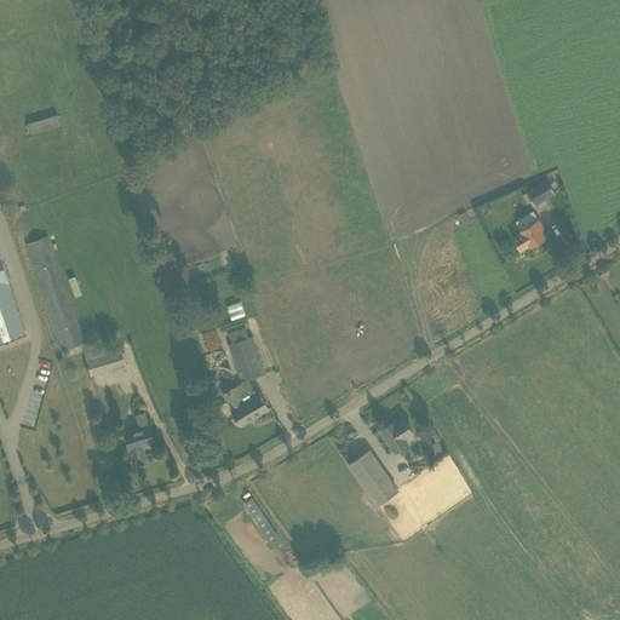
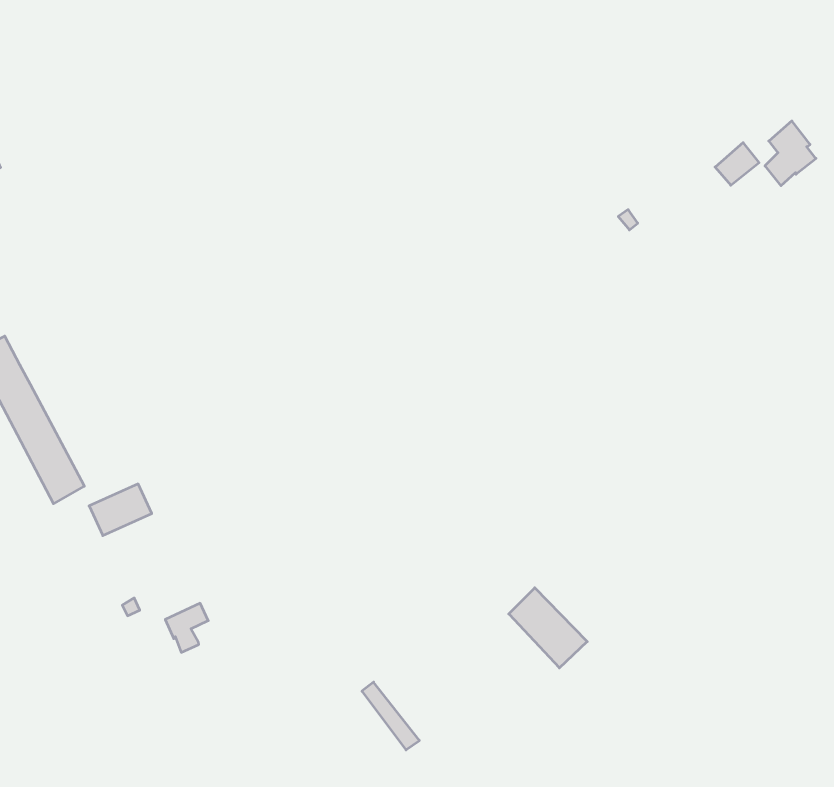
building: [510,211,544,252] -> [765,121,816,186]
building: [222,327,268,426] -> none
building: [379,418,412,452] -> none

